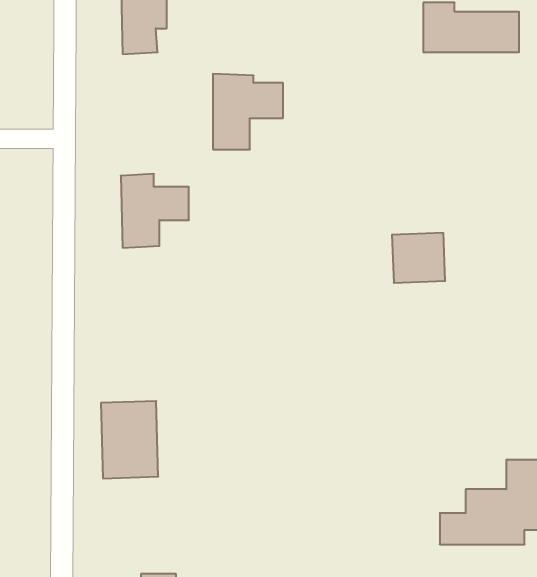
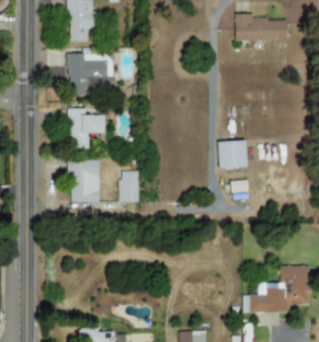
building: [213,74,283,149] -> [69,52,107,93]
building: none -> [121,170,140,202]
building: [101,401,158,478] -> [70,159,101,202]

